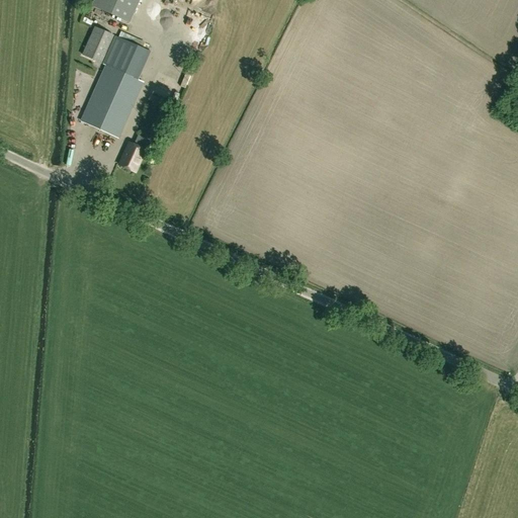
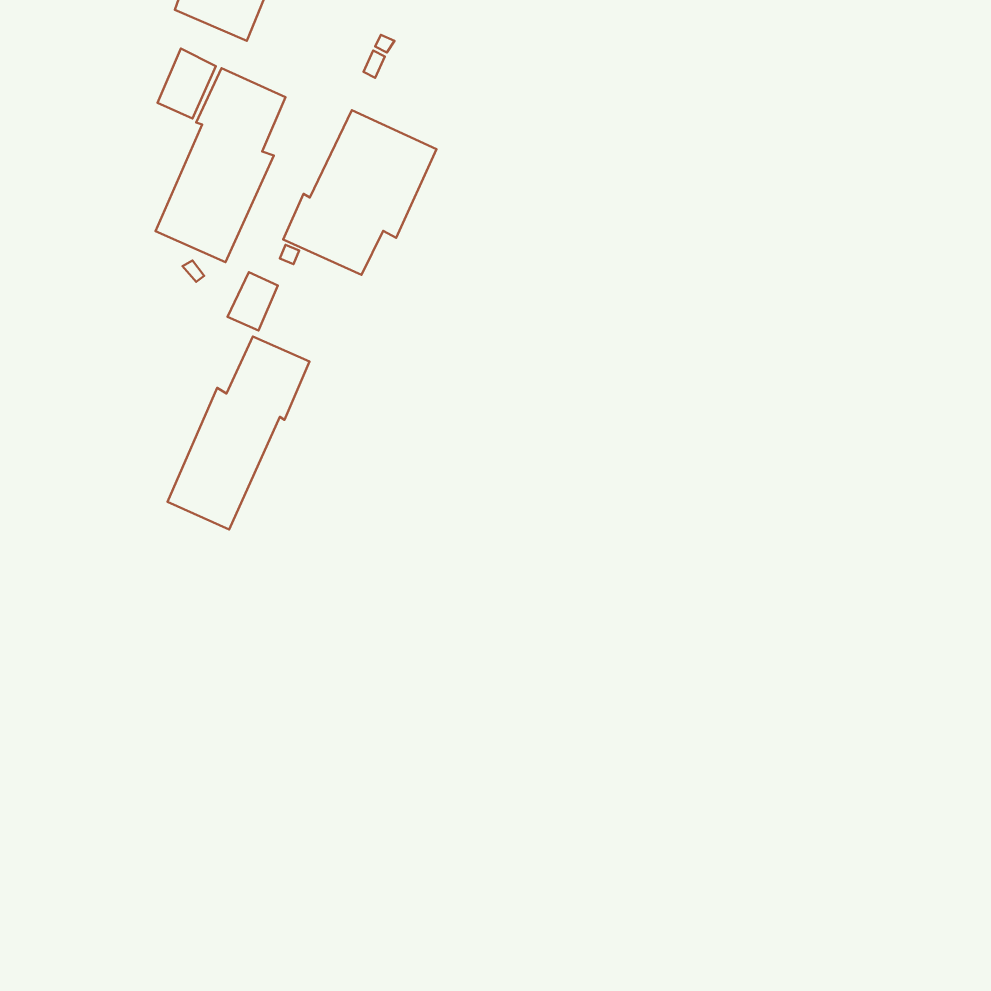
building: none -> [283,110,437,275]
building: none -> [167,337,310,529]

